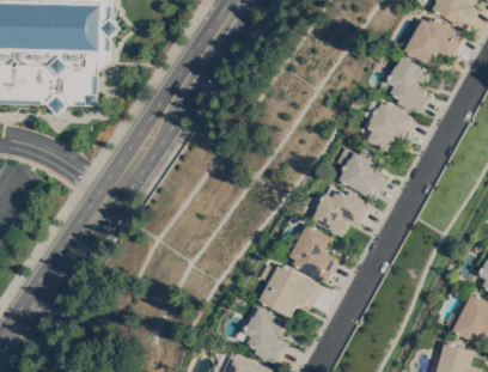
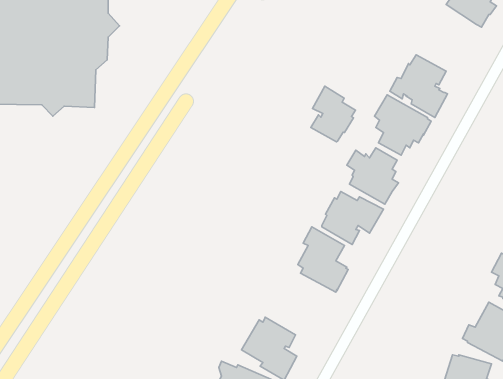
building: [404,18,465,67] -> none
building: none -> [311,86,356,142]
building: [260,264,322,318] -> none

